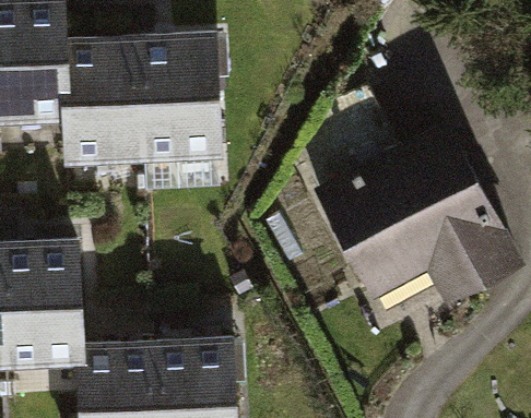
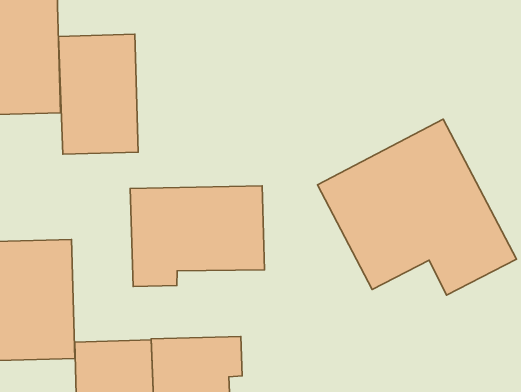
building: [140,38,231,159] -> none
building: none -> [130,186,264,287]

